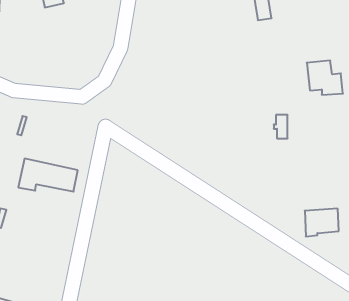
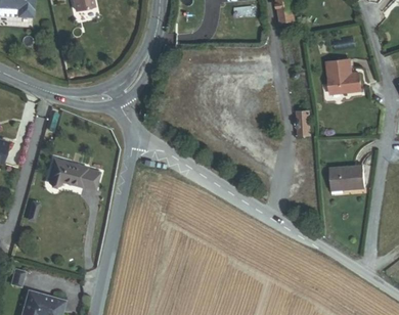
building: [305,209,339,236] -> [329,168,362,194]

